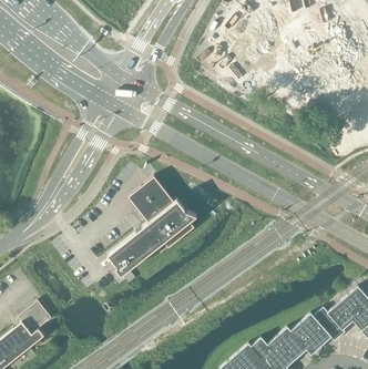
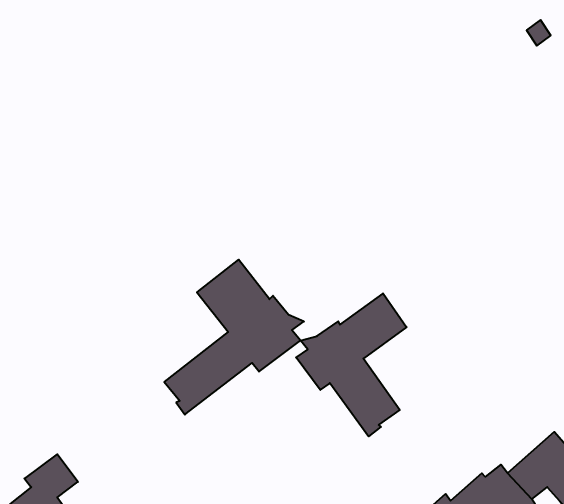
building: none -> [296,293,407,436]

